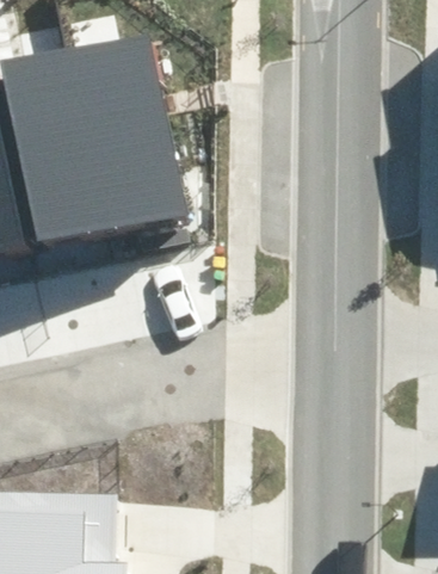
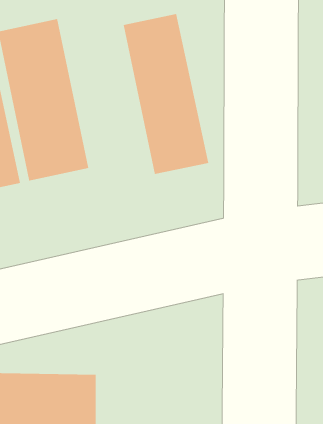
building: [78,31,186,234] -> [123,14,209,175]

